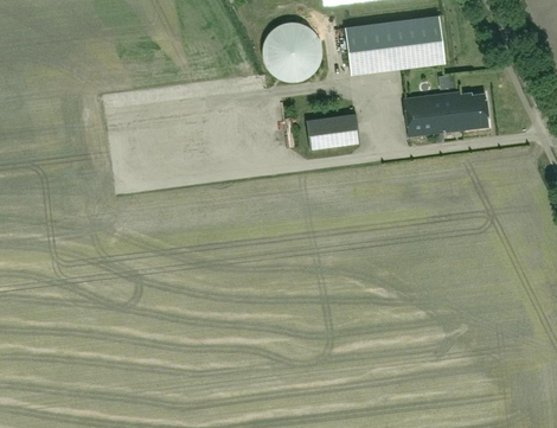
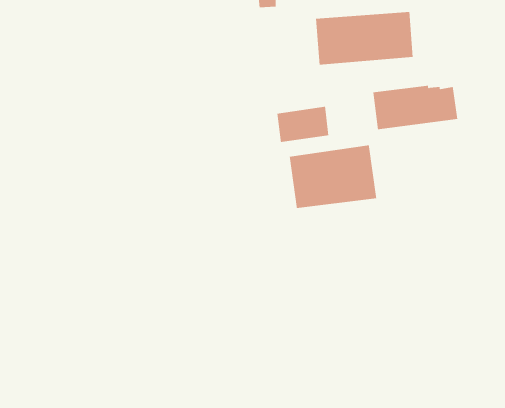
building: [262,23,321,83] -> none
building: none -> [289,145,377,209]

